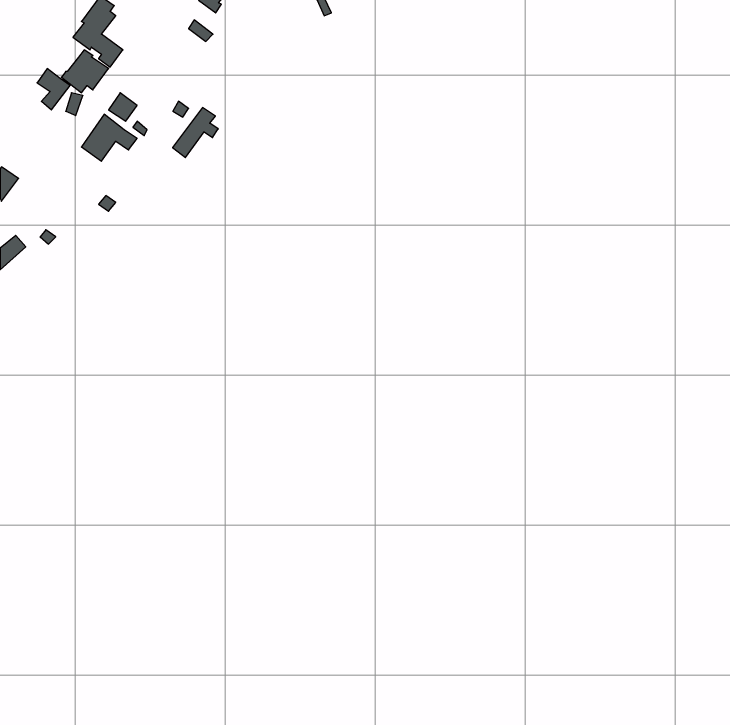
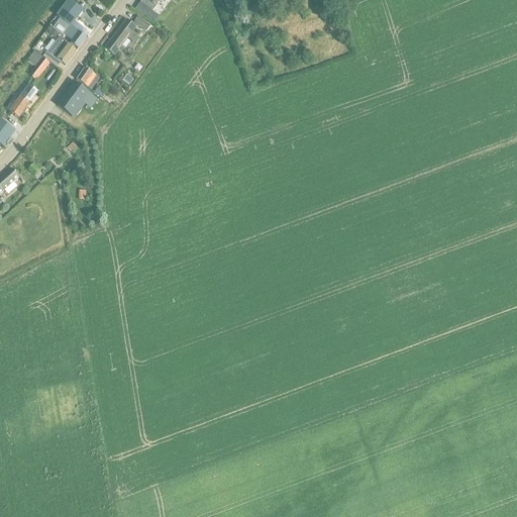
building: [173,108,218,158] -> [105,18,137,54]
building: none -> [5,83,37,116]

